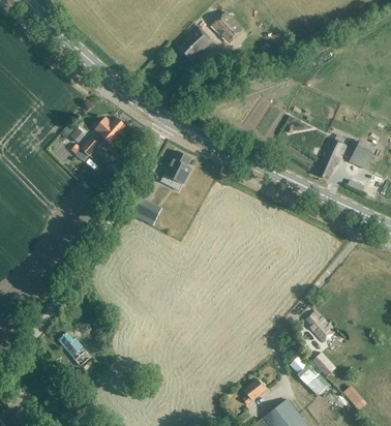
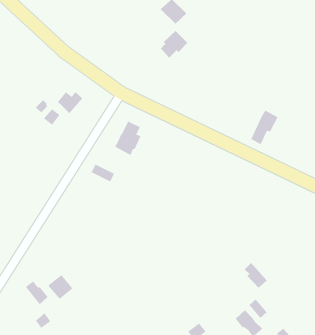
building: [180,27,212,59] -> [160,30,188,59]
building: [350,141,377,169] -> none
building: none -> [47,274,73,300]

